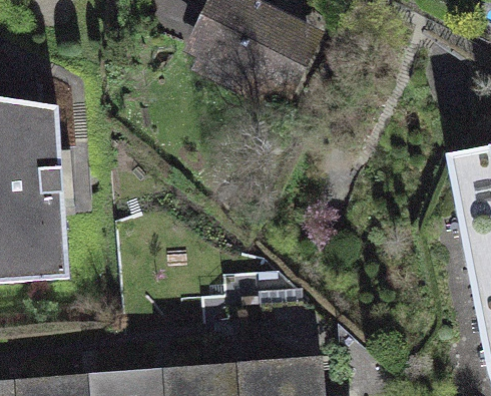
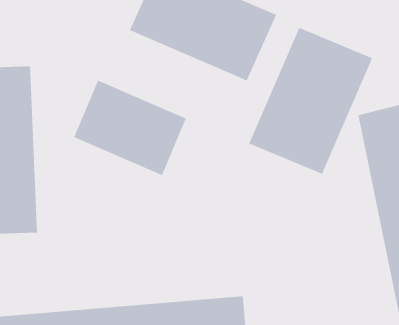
building: none -> [248,27,373,175]
building: none -> [73,79,187,176]

